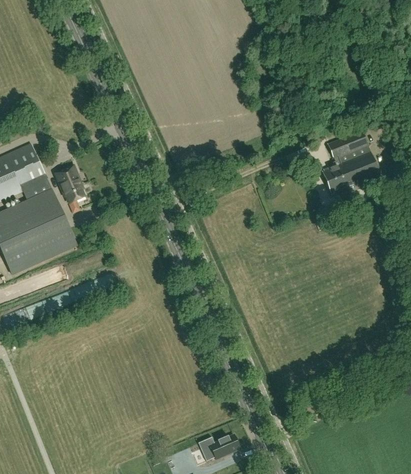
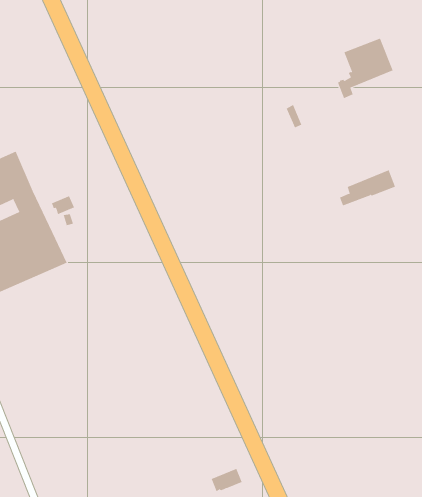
building: [322,130,374,186] -> [337,38,394,99]
building: [55,164,81,191] -> none

